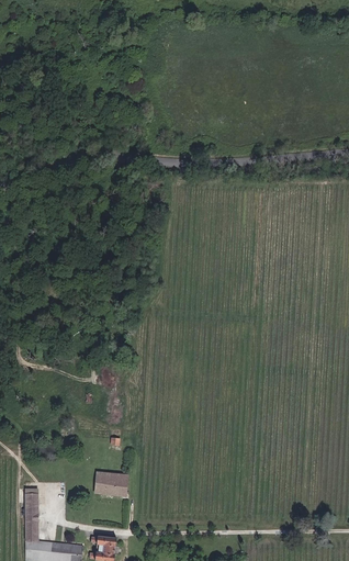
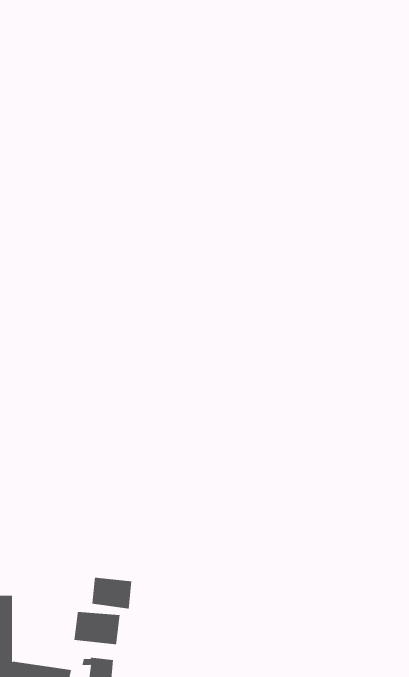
building: none -> [74,611,120,645]

